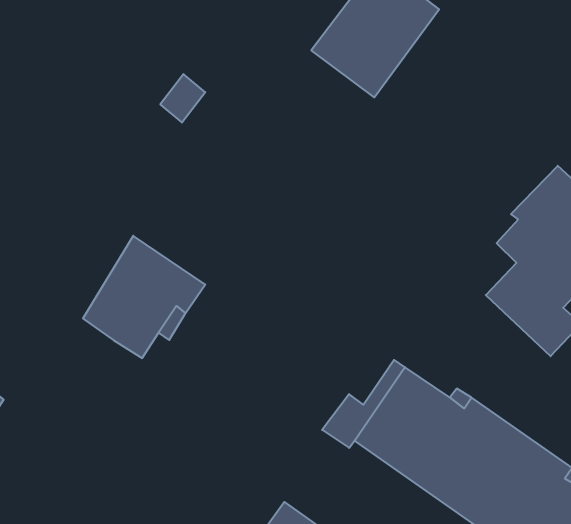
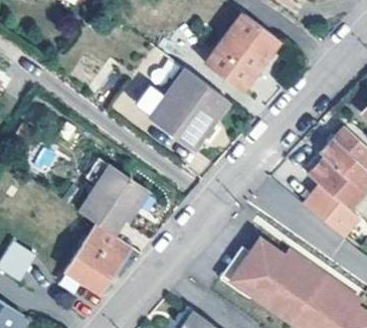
building: none -> [152,69,231,149]
building: none -> [66,224,132,294]

